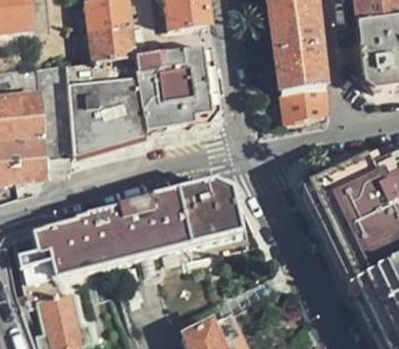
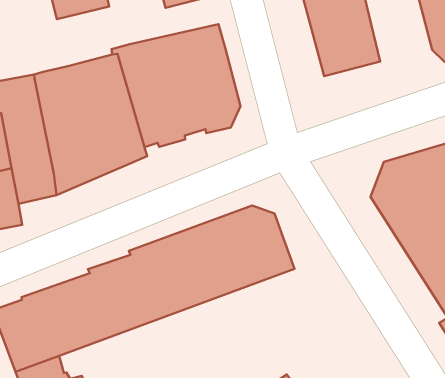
building: [88,22,132,63] -> none
building: [283,87,329,121] -> none

